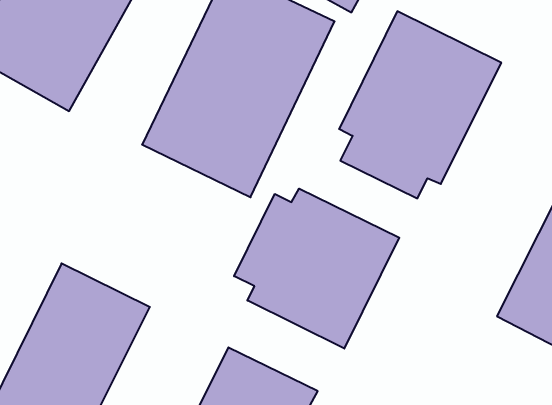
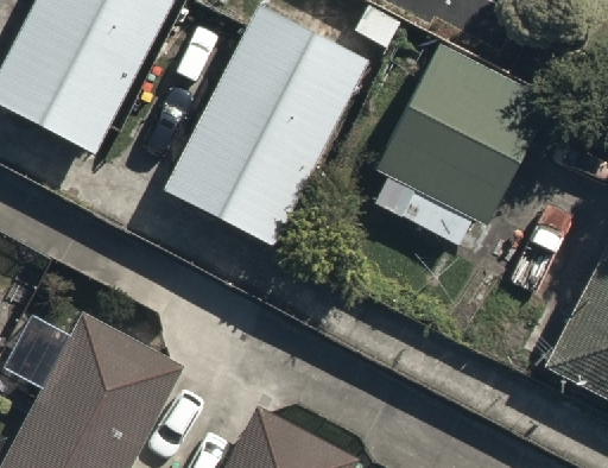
building: [234,189,399,349] -> none

